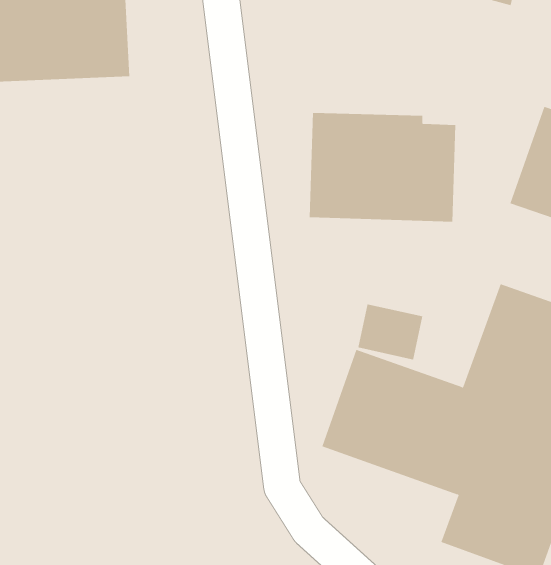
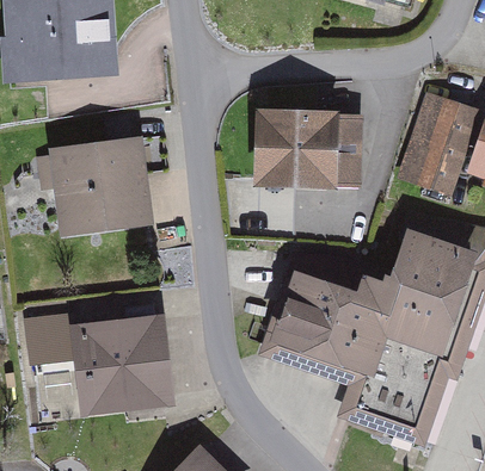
building: none -> [47,131,153,225]
building: none -> [69,309,176,409]
building: none -> [27,314,62,367]

